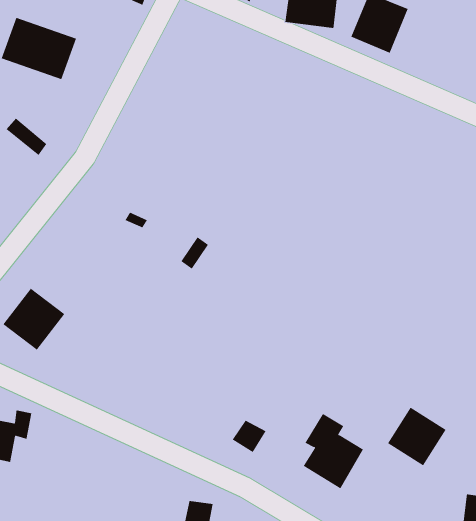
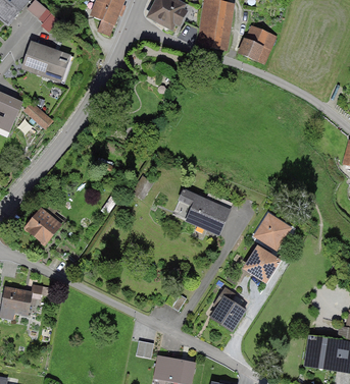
building: none -> [179,188,233,231]
building: none -> [252,211,295,253]
building: [387,407,446,466] -> [244,245,281,282]

